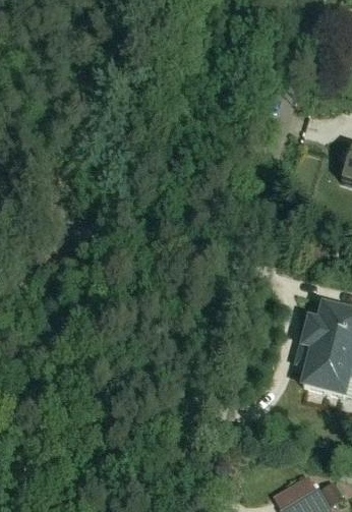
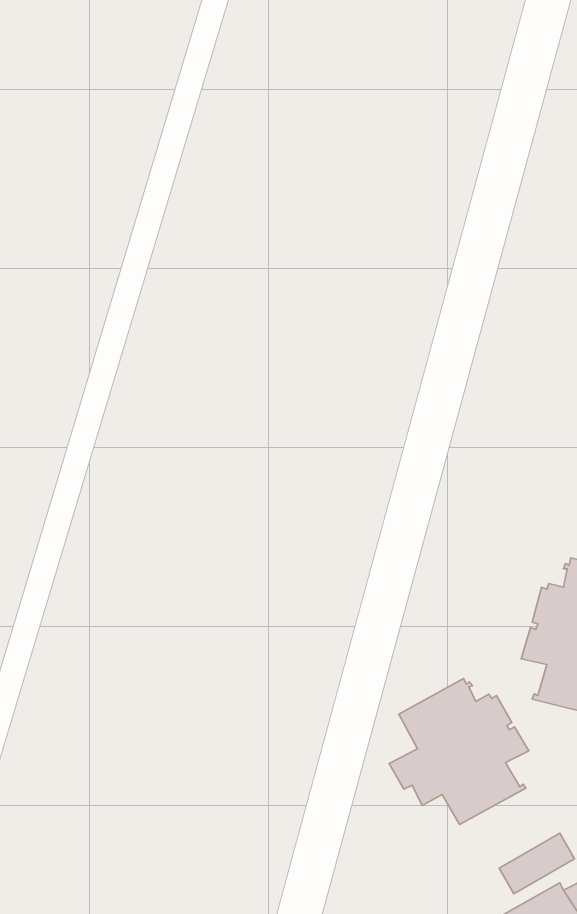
building: none -> [389,679,529,824]

